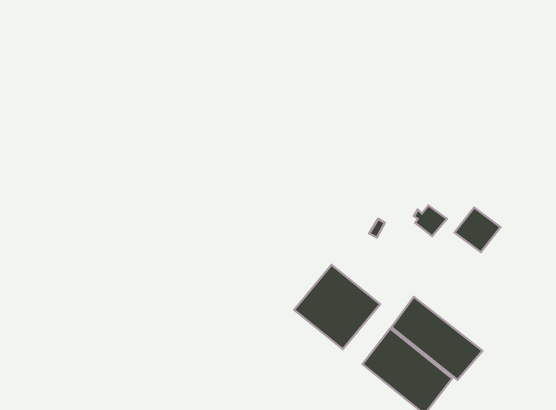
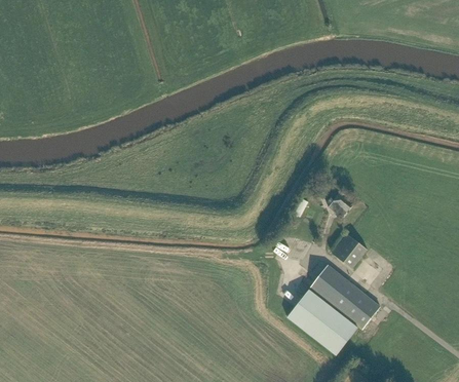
building: [454,207,501,252] -> [331,233,367,268]
building: [294,265,380,349] -> none

